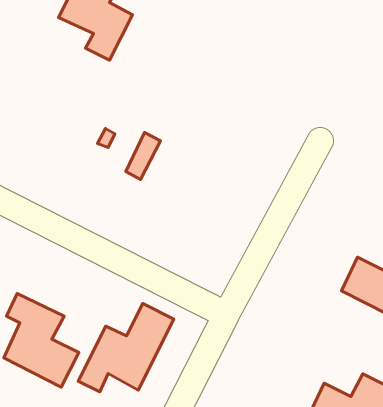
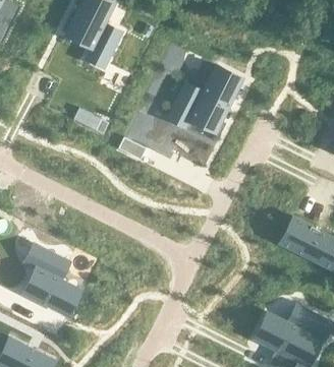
building: none -> [167,66,241,132]
building: [78,304,174,392] -> none

